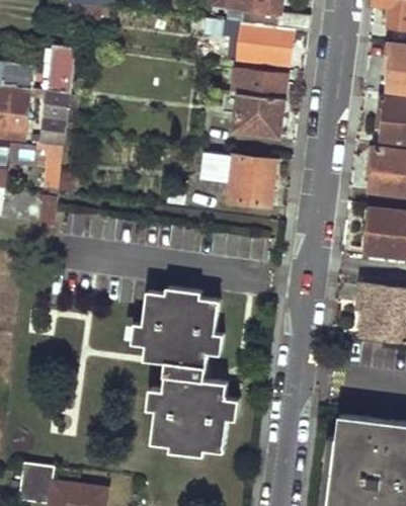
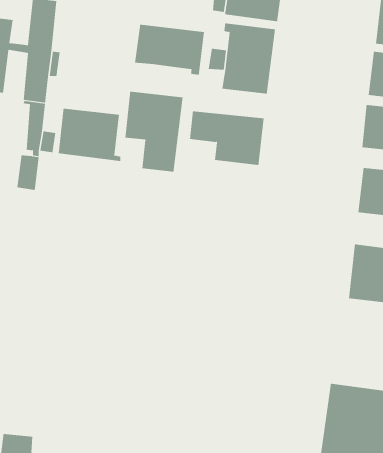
building: none -> [135,24,205,75]
building: none -> [125,91,183,172]
building: none -> [58,108,121,162]
building: [138,287,231,455] -> none

